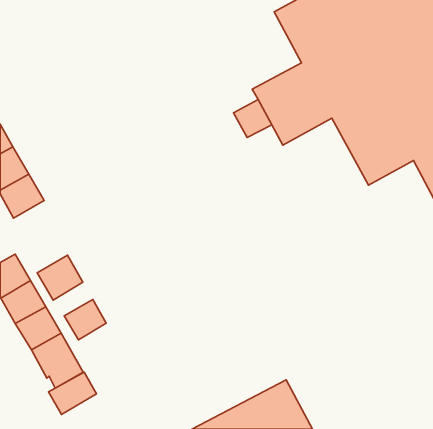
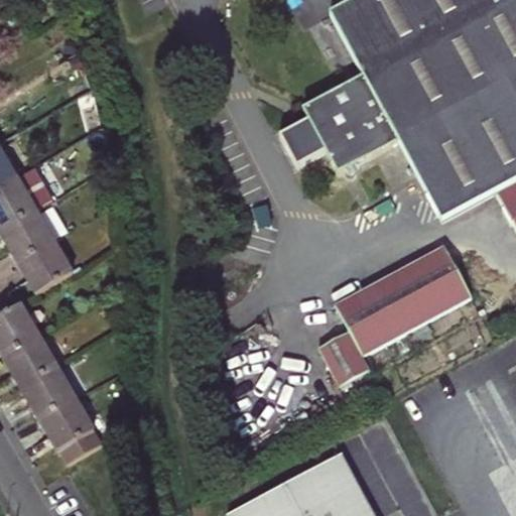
building: none -> [320,244,472,383]
building: [37,255,83,300] -> [17,238,72,291]
building: [64,299,106,340] -> none
building: [49,372,97,415] -> none

